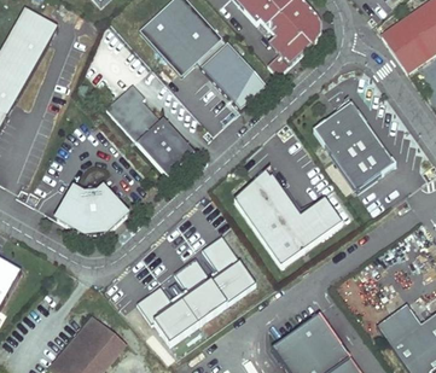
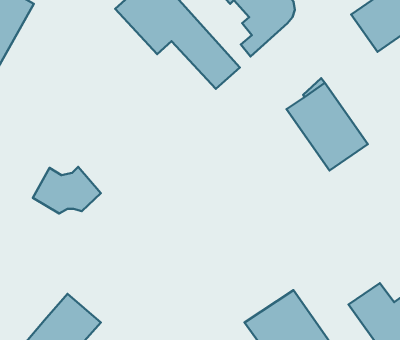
building: [105,83,194,176] -> none
building: [233,175,342,266] -> none
building: [135,234,255,343] -> none

